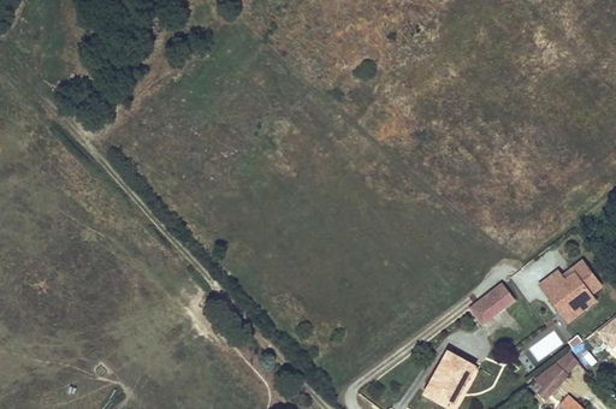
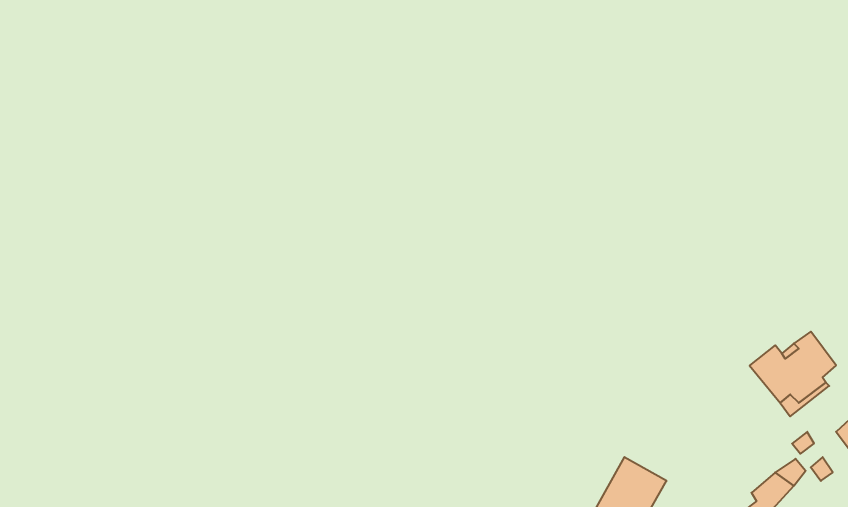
building: [468,280,514,322] -> none

